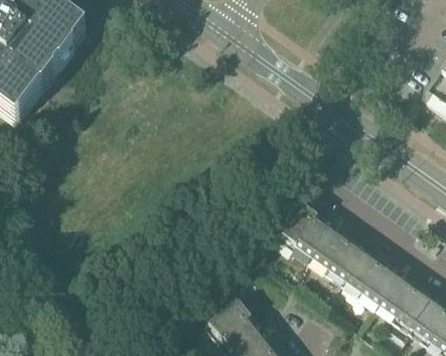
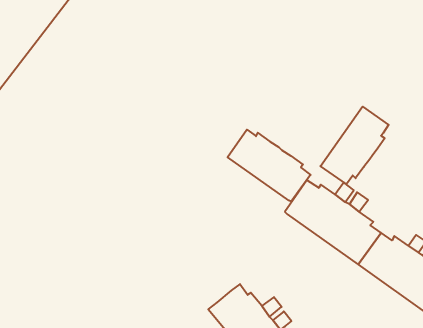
building: none -> [320,107,389,184]
building: none -> [228,130,311,202]

